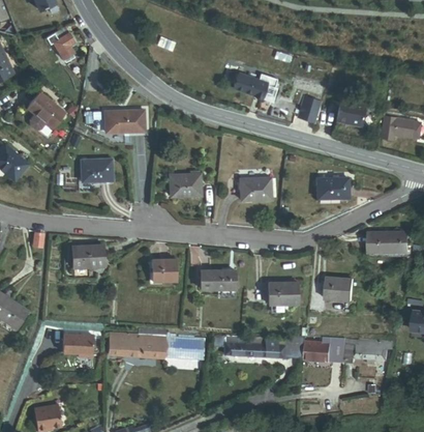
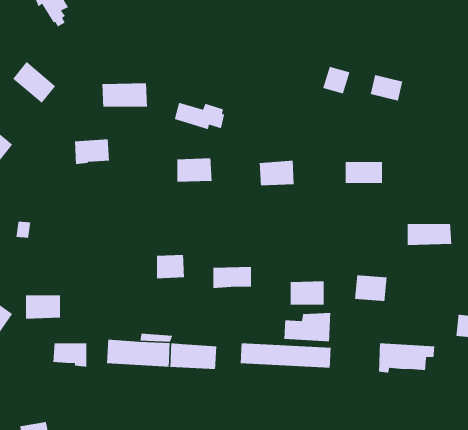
building: [233,73,277,97] -> [174,102,225,130]
building: [380,115,414,139] -> none
building: [73,244,104,266] -> [25,294,61,319]
building: [304,336,345,362] -> [283,312,331,342]

